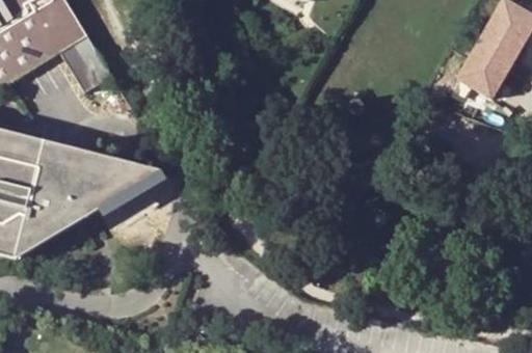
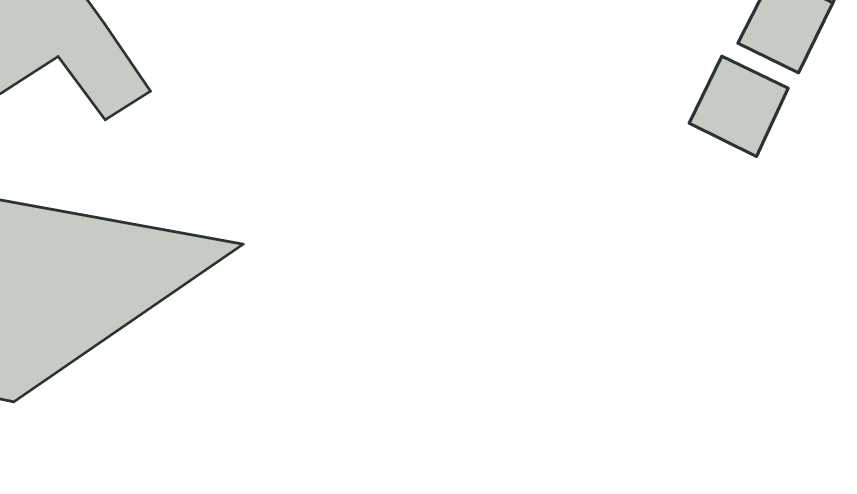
building: none -> [689,56,788,156]

